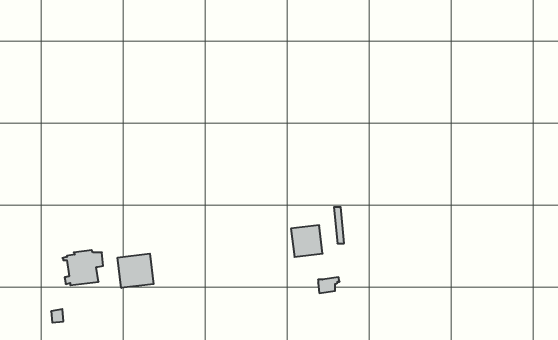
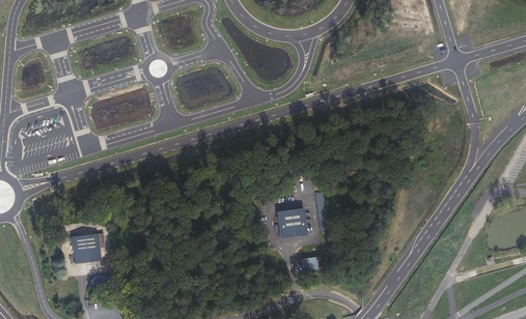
building: [118,254,154,288] -> none

